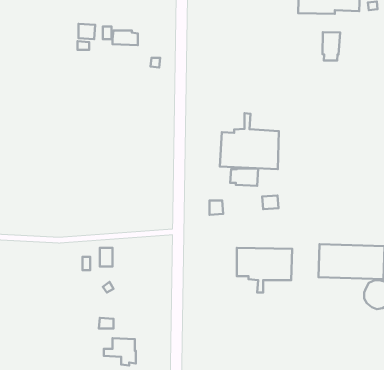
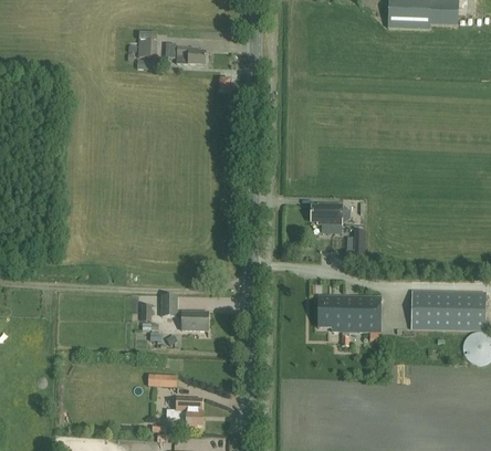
building: [322,32,340,60] -> none
building: [220,113,279,169] -> none
building: none -> [181,311,208,329]

